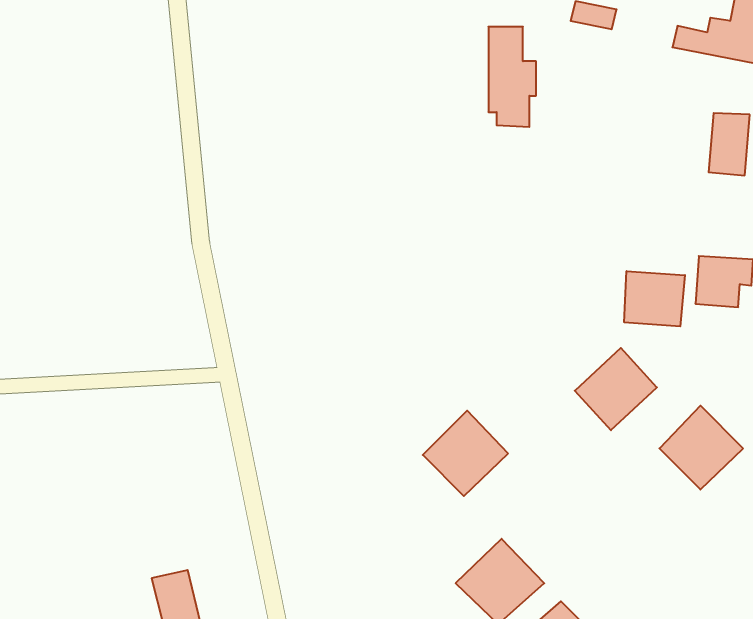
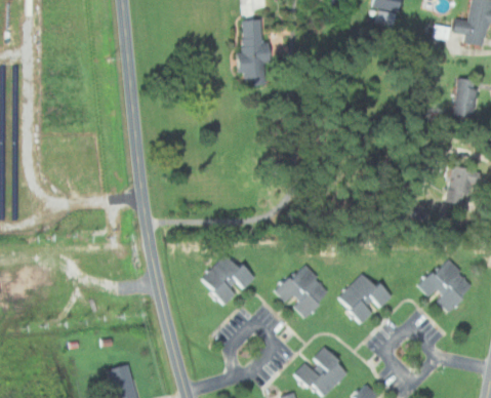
building: [488,27,536,127] -> [241,19,271,82]
building: [624,271,685,326] -> none
building: [575,348,657,430] -> [338,271,390,322]
building: none -> [201,252,254,305]

